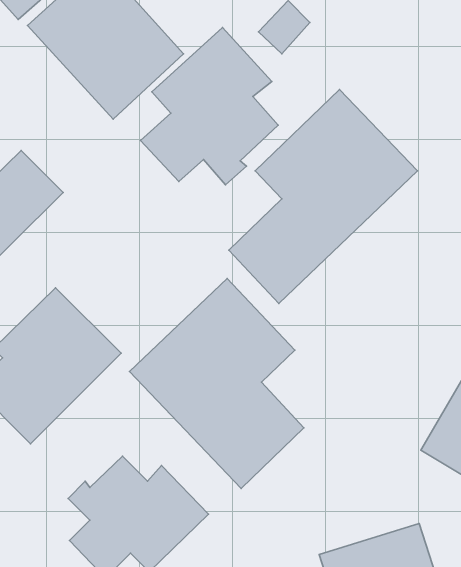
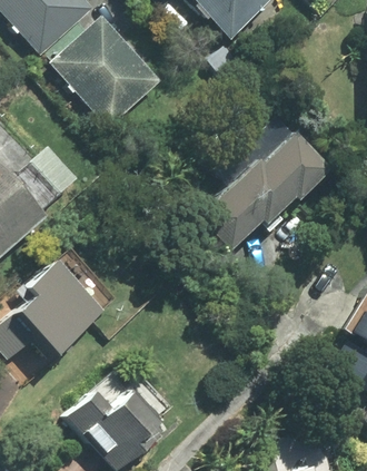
building: [140,28,278,185] -> none
building: [129,278,304,488] -> none

